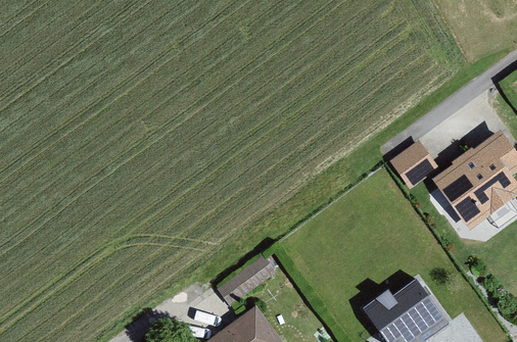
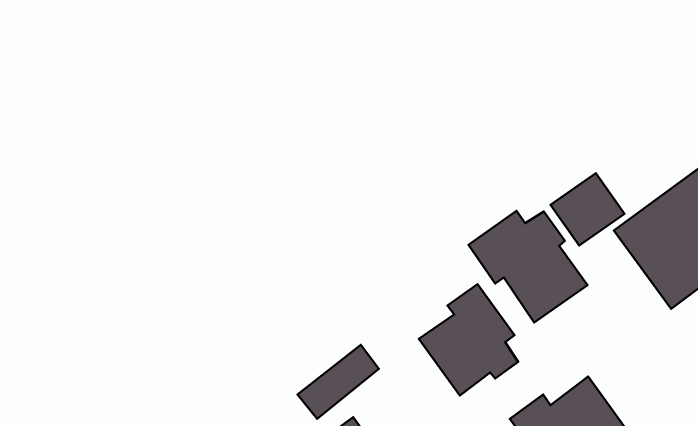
building: none -> [468,211,588,322]
building: none -> [419,284,518,395]

